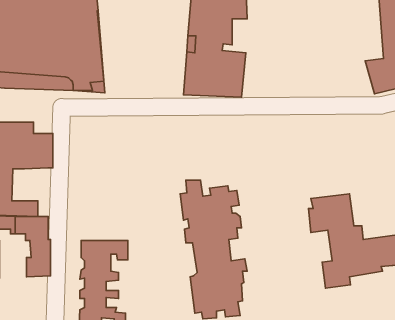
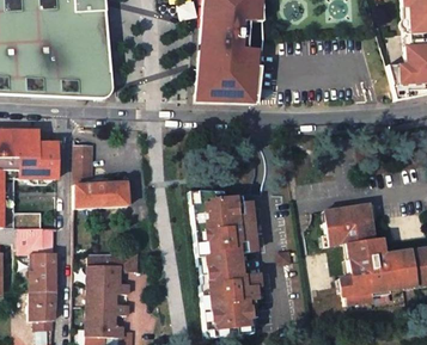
building: none -> [236,21,263,57]
building: none -> [73,144,128,208]
building: none -> [30,291,55,328]

